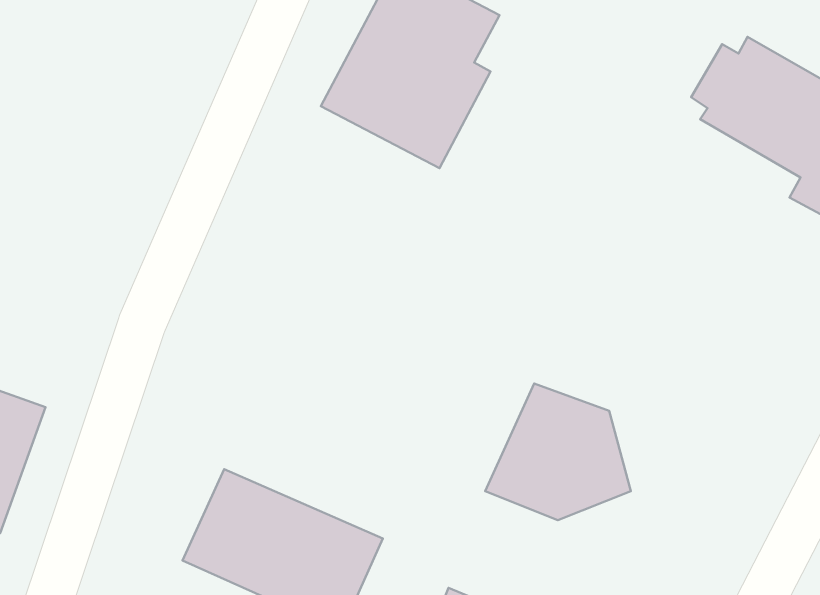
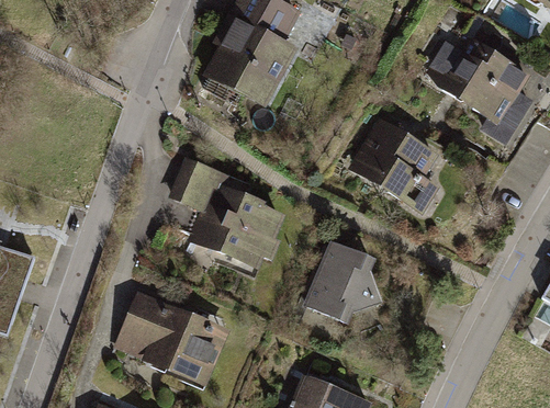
building: none -> [348,115,442,213]
building: none -> [170,158,289,274]

